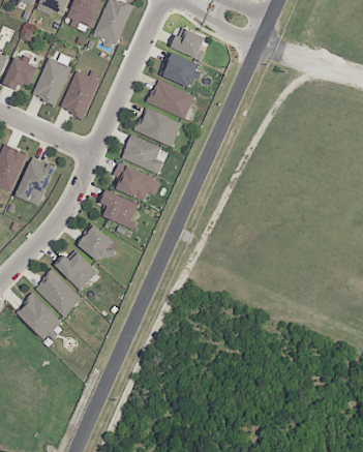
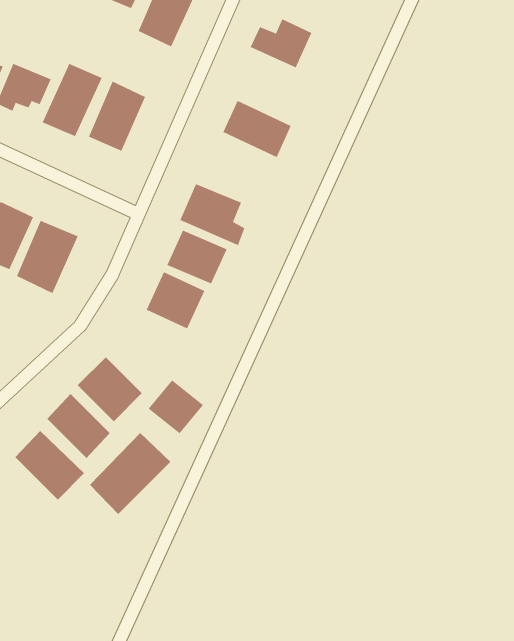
building: [162,53,199,87] -> none
building: [135,109,181,147] -> none
building: [78,225,114,261] -> [148,380,204,434]
building: none -> [89,432,171,515]

